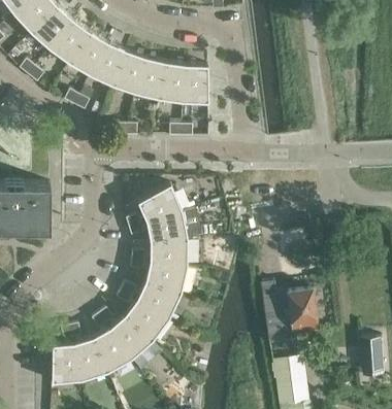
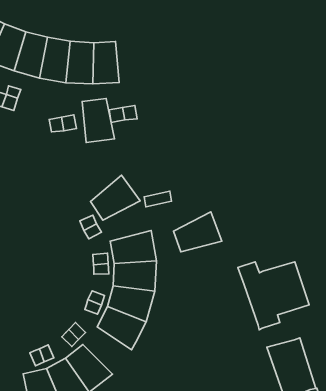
building: [182,66,207,104] -> [82,98,114,143]
building: [145,211,187,242] -> [174,212,222,252]
building: [108,316,151,361] -> none

